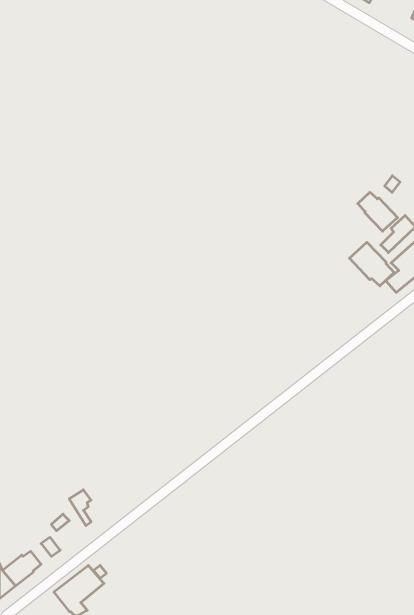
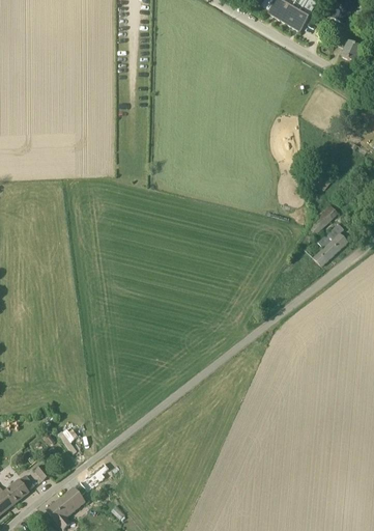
building: [358,192,398,231] -> none
building: [349,242,394,286] -> none

